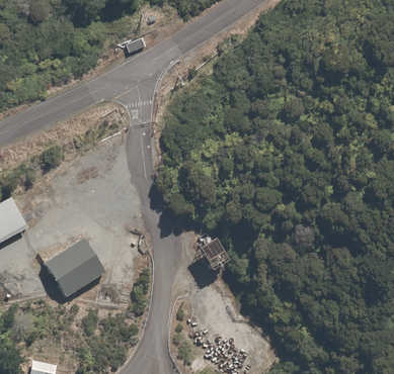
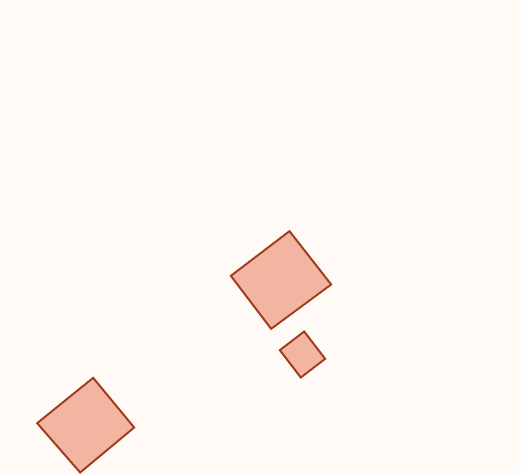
building: none -> [231,231,331,329]

